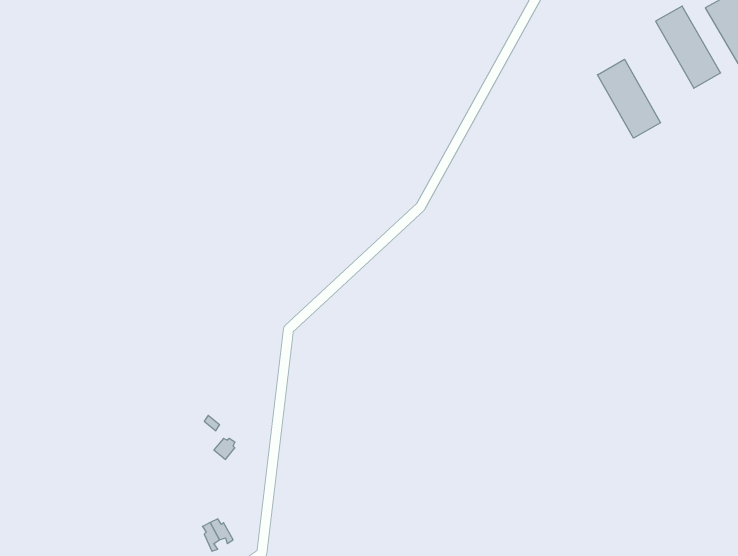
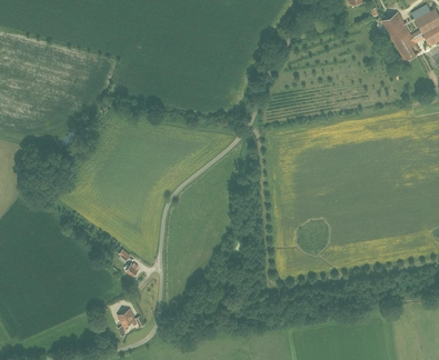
building: [597,59,661,138] -> none

